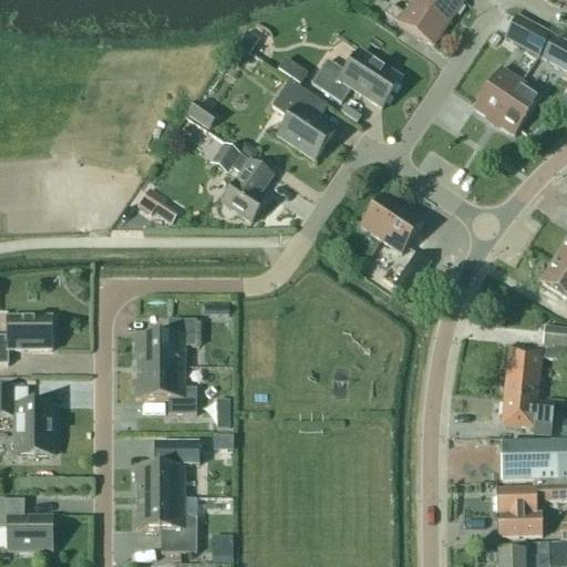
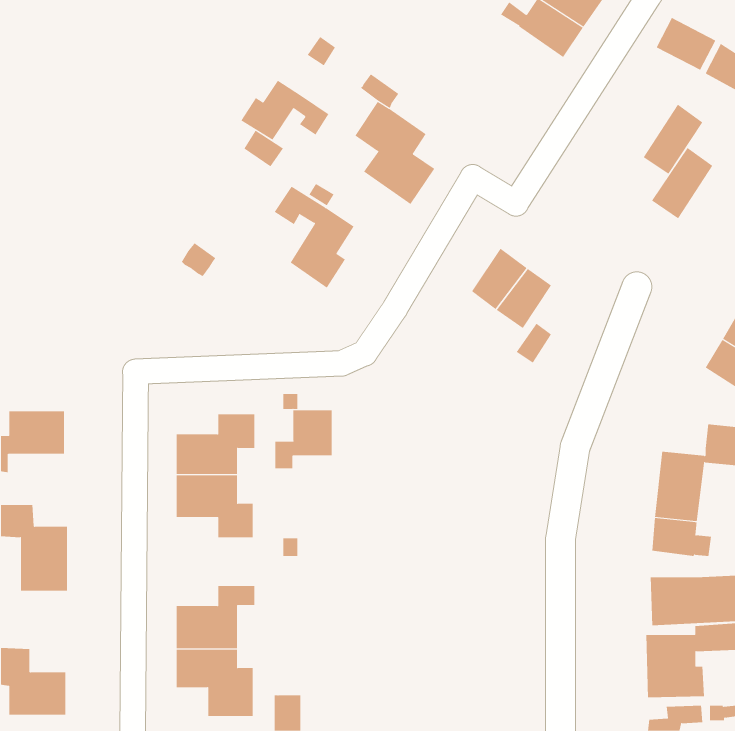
building: [313,49,403,106] -> none
building: none -> [241,80,329,140]
building: [474,65,522,121] -> [651,147,713,219]
building: none -> [275,409,332,469]

